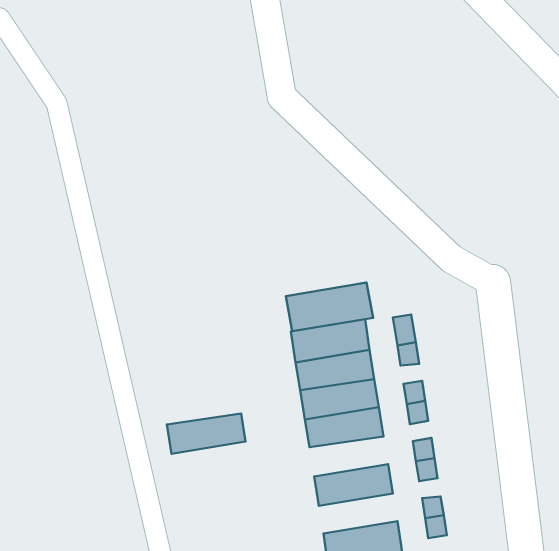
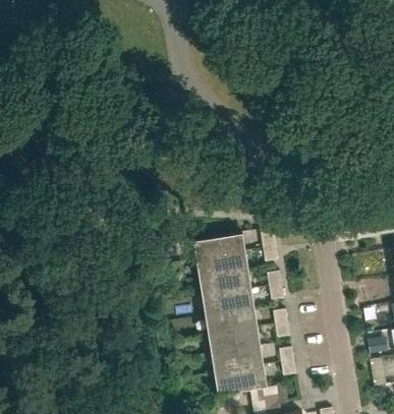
building: [286,283,373,331] -> none
building: [167,414,246,454] -> [205,309,257,336]
building: none -> [211,347,263,373]

